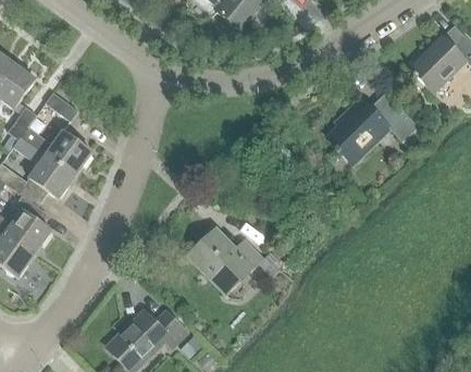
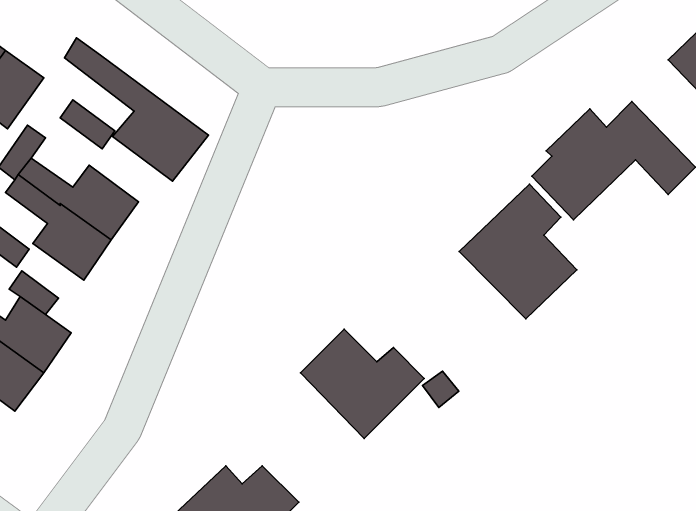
building: none -> [65,38,208,181]
building: none -> [459,184,577,319]

